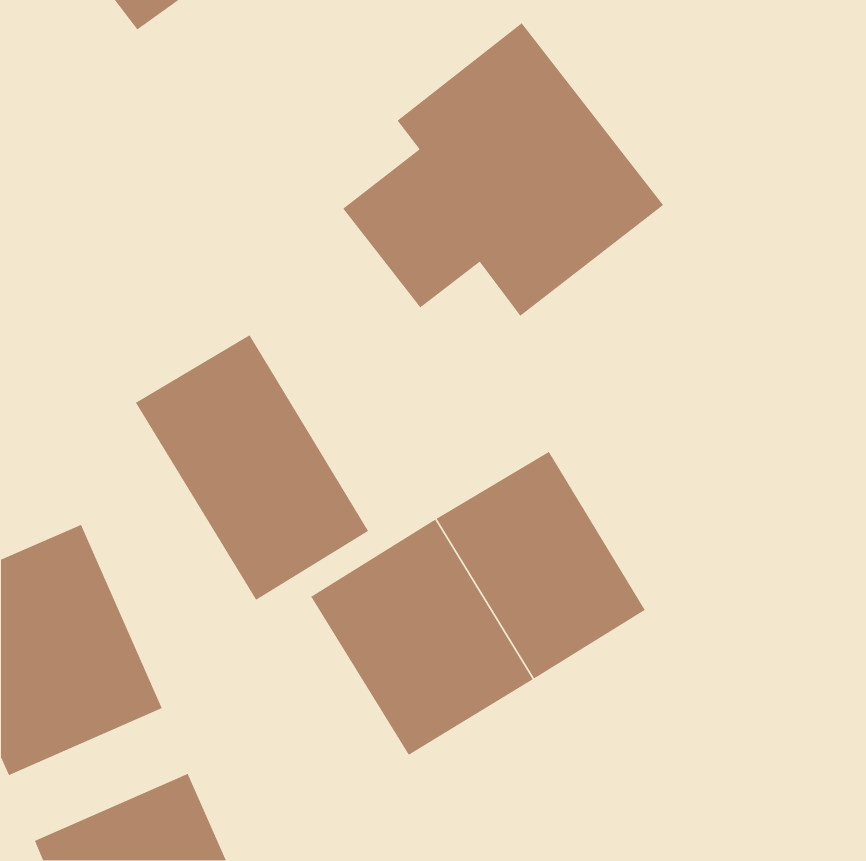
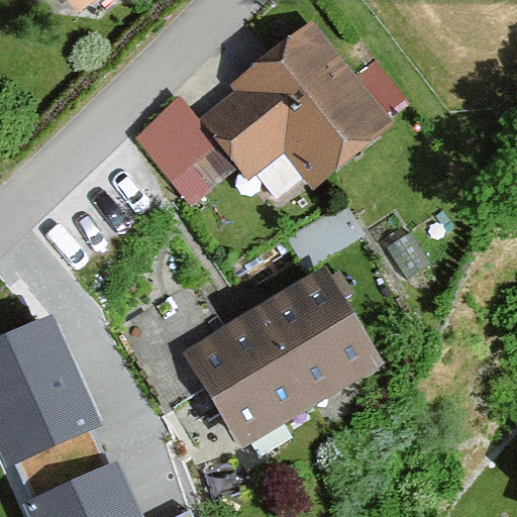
building: none -> [133,96,218,182]
building: [135,334,369,601] -> none

